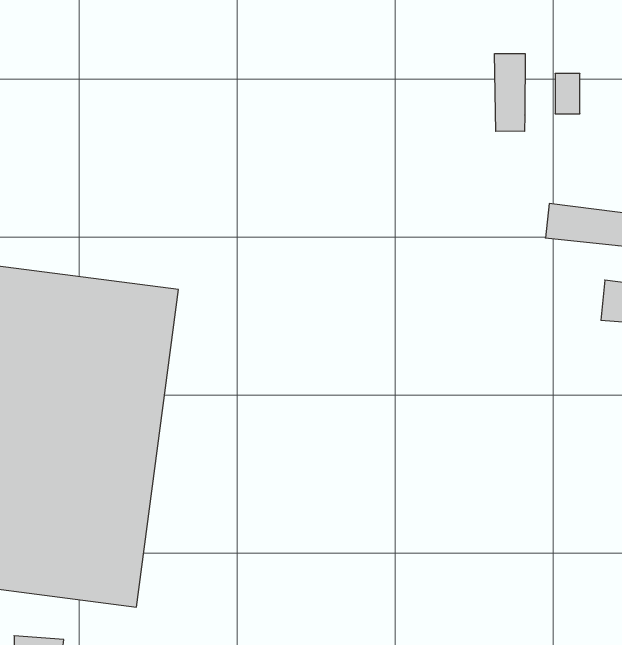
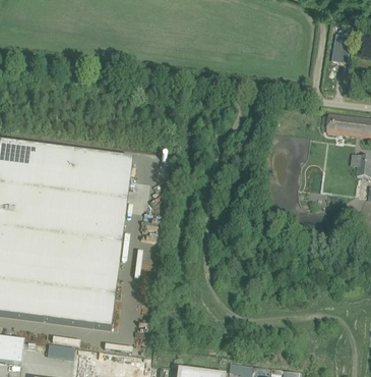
building: [495,54,525,131] -> none

